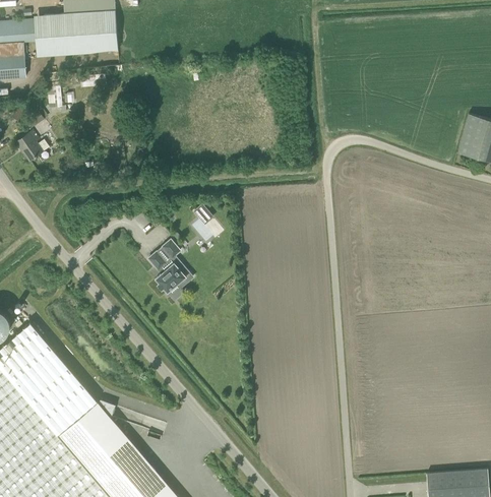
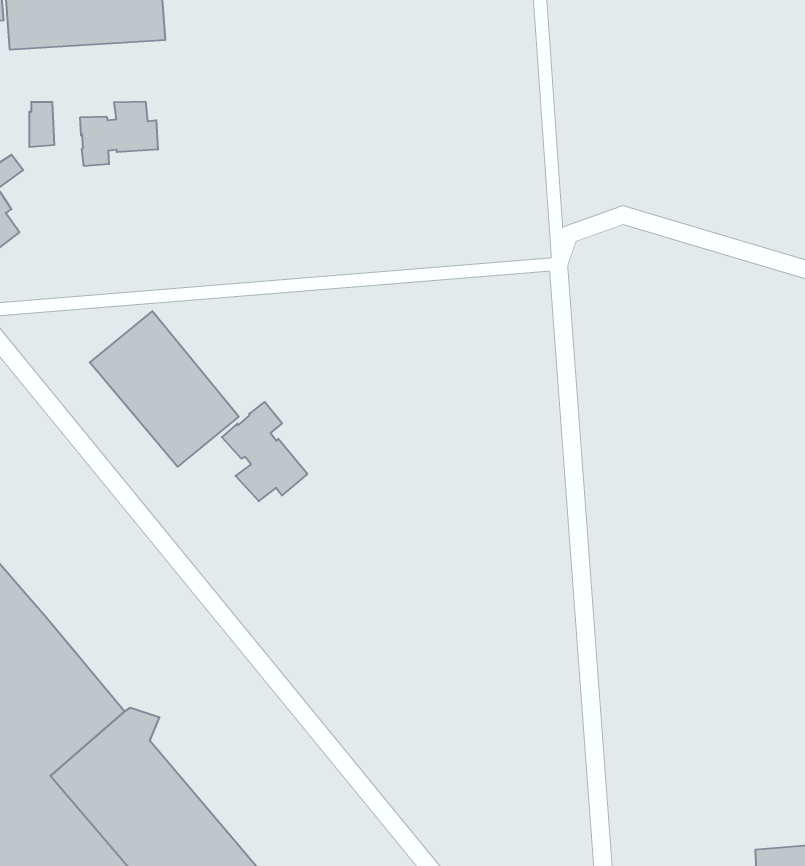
building: none -> [80,102,158,166]
building: none -> [90,311,239,467]

